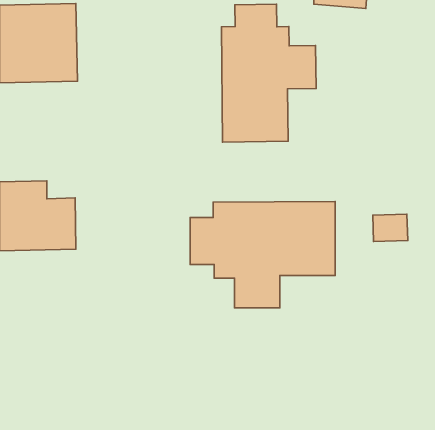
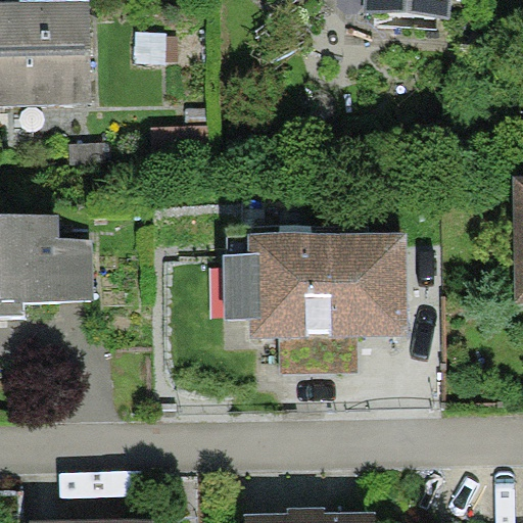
building: [222,4,316,142] -> none

